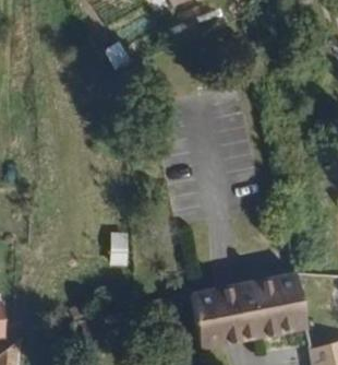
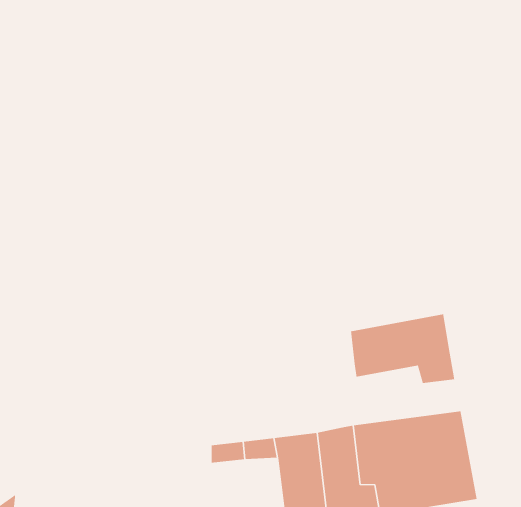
building: none -> [351,313,455,384]

